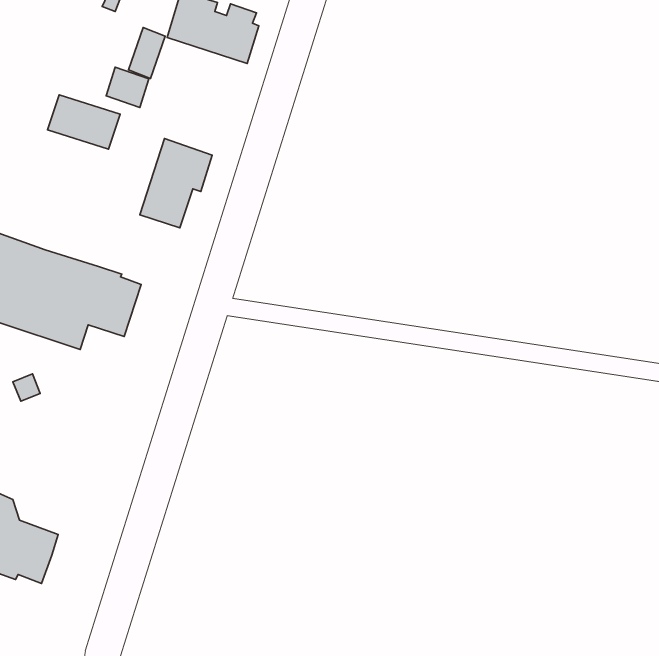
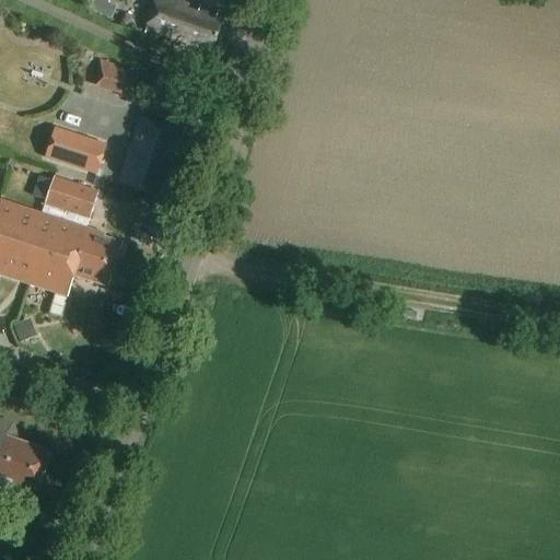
building: [128,28,165,78] -> none
building: [48,95,120,149] -> [44,125,105,171]
building: none -> [38,176,95,225]

